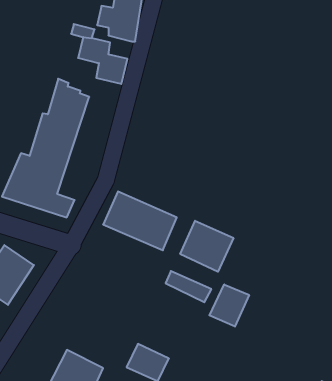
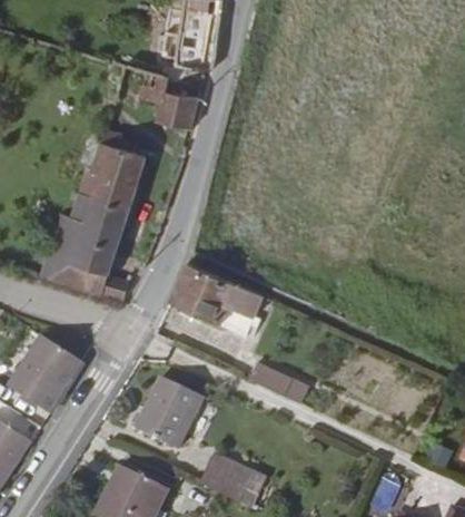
building: [180,221,233,272] -> none
building: none -> [138,379,205,452]
building: [209,284,249,327] -> none

